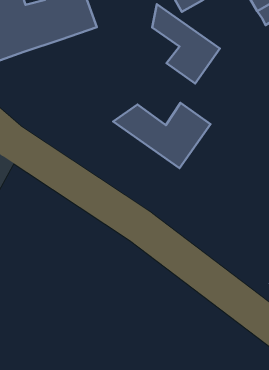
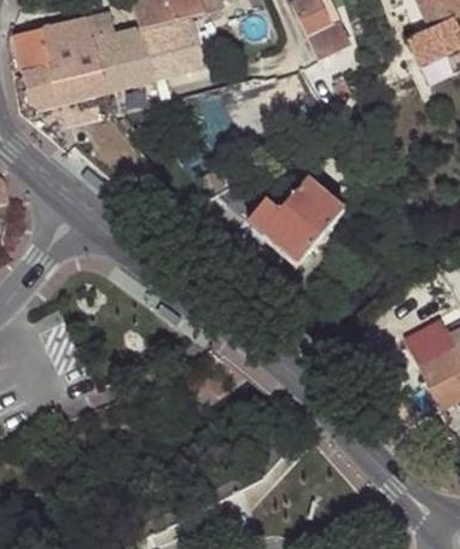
building: [152,4,220,83] -> none

